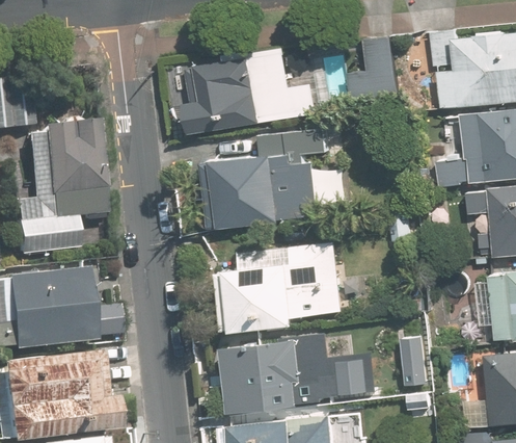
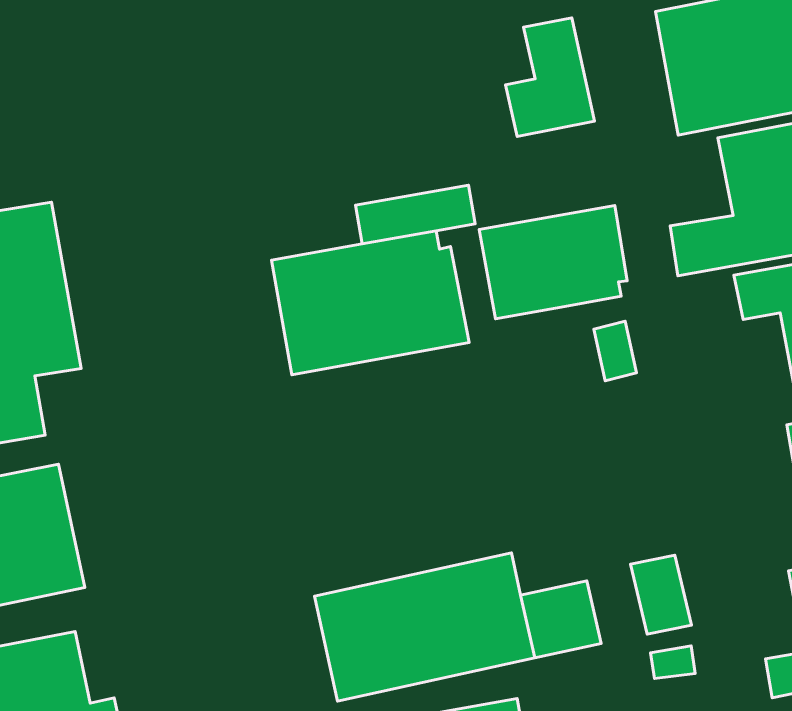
building: [190,52,314,133] -> none
building: none -> [479,206,627,319]
building: [221,241,340,330] -> none

